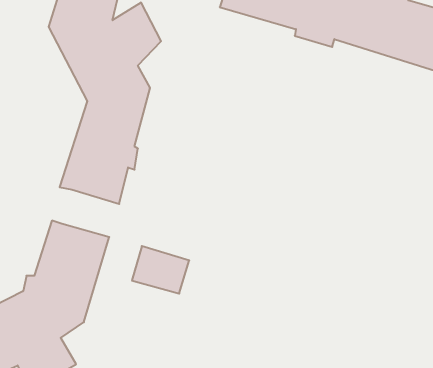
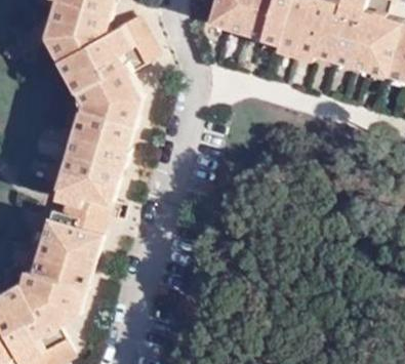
building: [132,246,189,294] -> [57,191,111,235]

